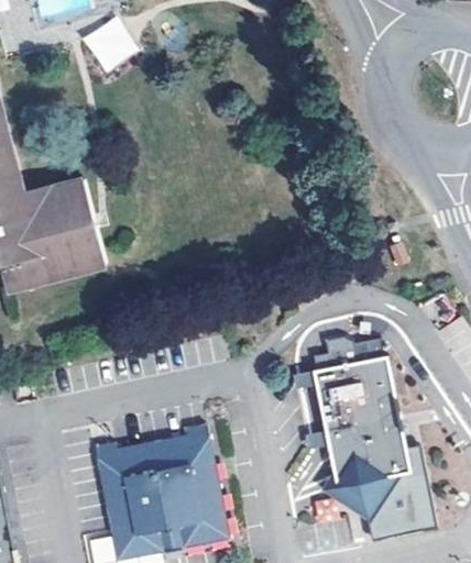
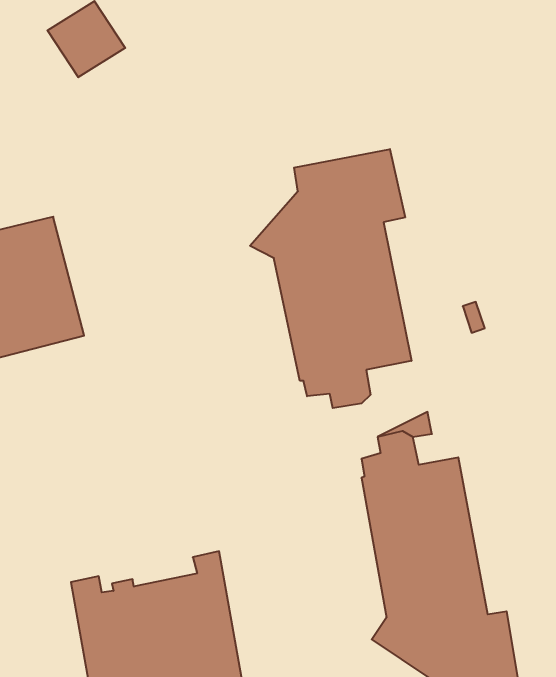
building: none -> [250,149,411,408]

